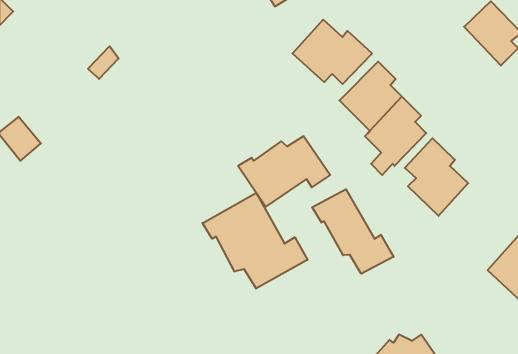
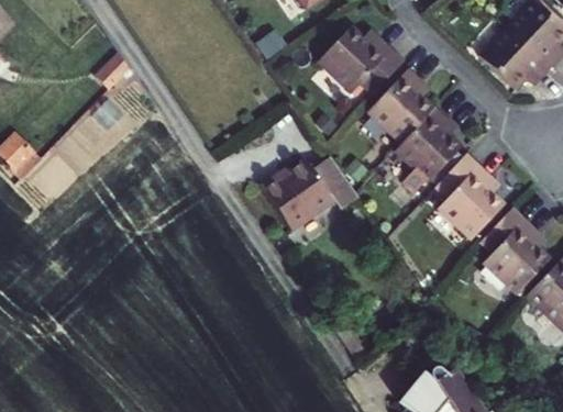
building: none -> [475,34,541,94]
building: none -> [481,208,550,292]
building: [312,189,394,274] -> none
building: [202,193,308,289] -> none

